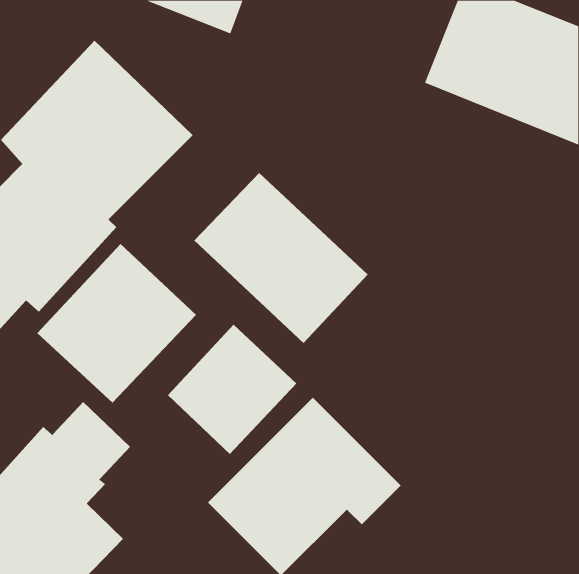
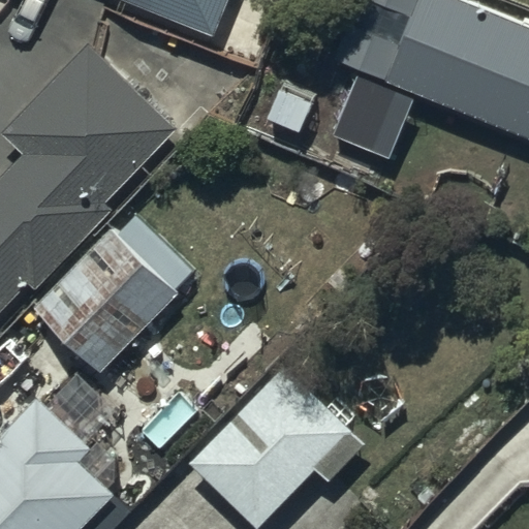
building: [194,172,369,344] -> none
building: [167,324,297,455] -> none

